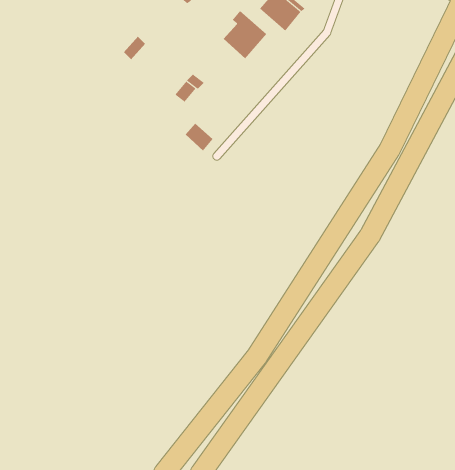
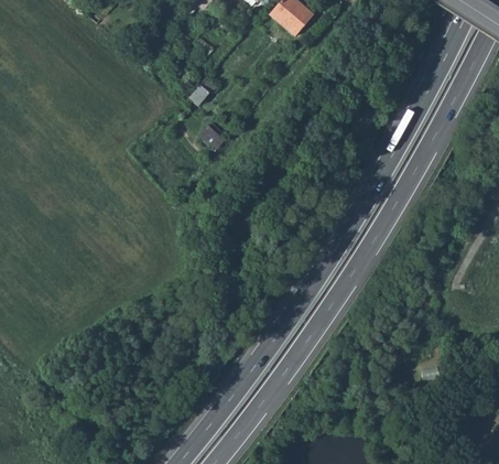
building: [223,10,267,59] -> none

